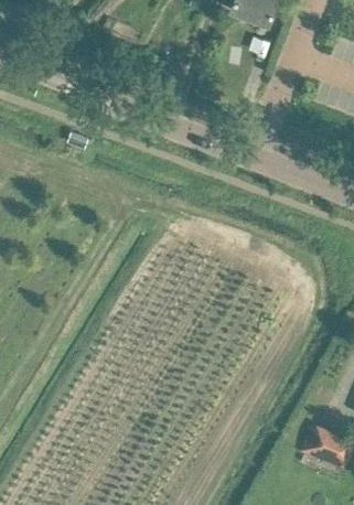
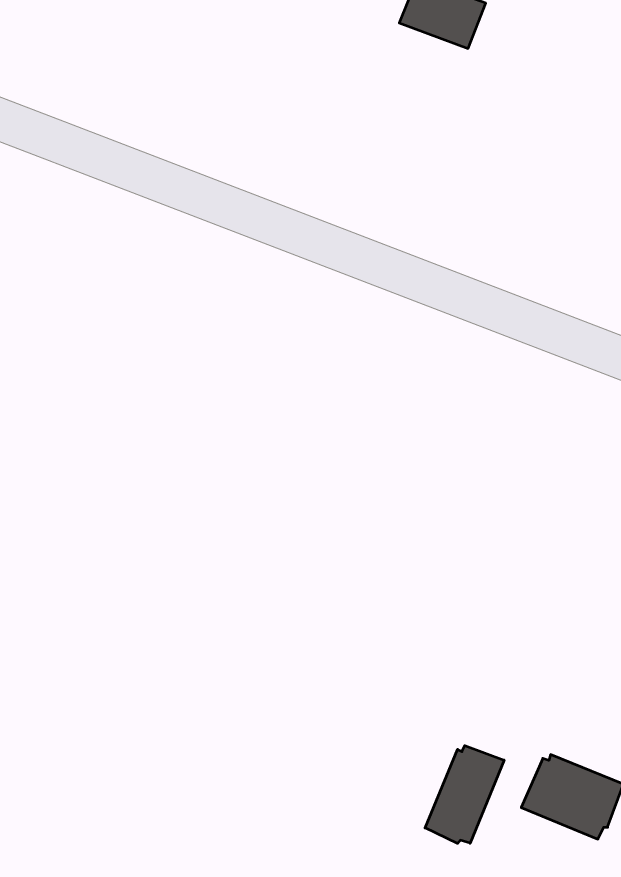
building: none -> [425,746,504,843]

